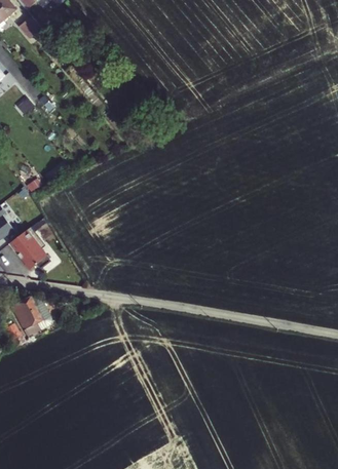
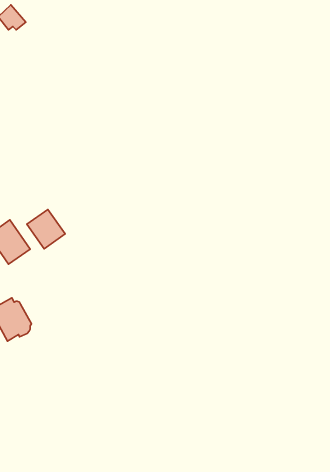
building: none -> [27,209,65,249]

